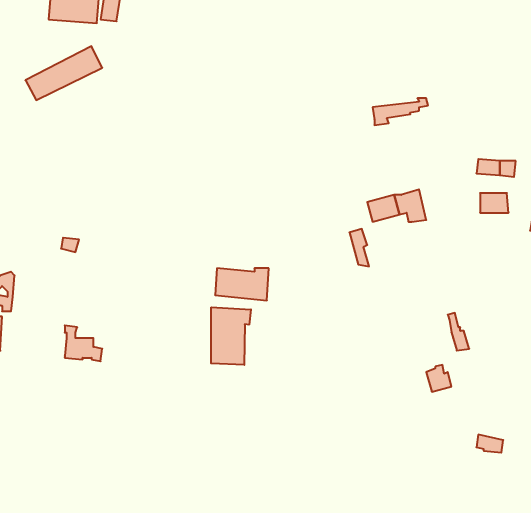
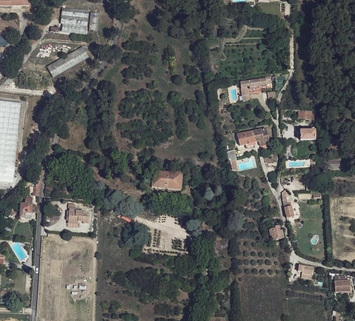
building: [211,307,251,365] -> none

